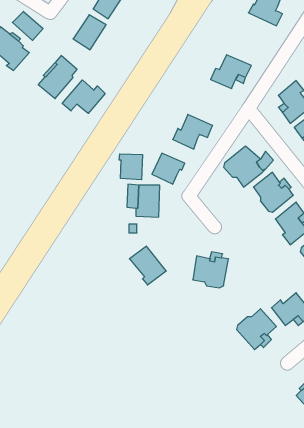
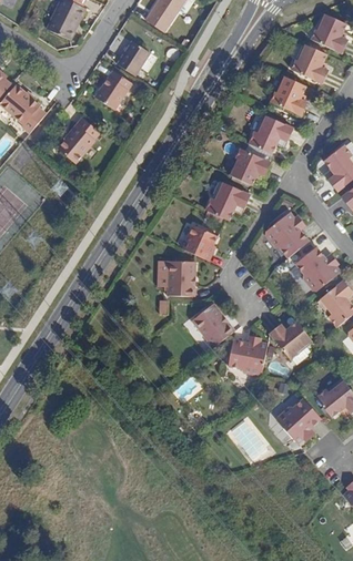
building: [12,11,43,40] -> none
building: none -> [271,75,307,115]
building: [62,80,105,113] -> none
building: none -> [231,147,272,185]
building: [119,154,143,180] -> none
building: none -> [270,322,312,359]
building: [129,246,166,285] -> [193,304,234,347]

